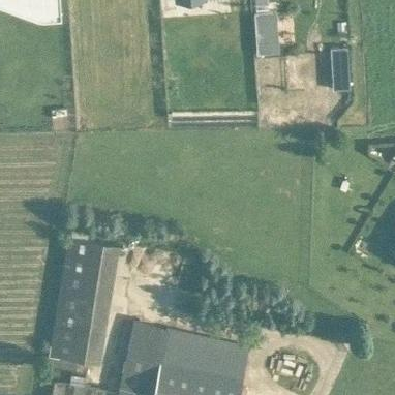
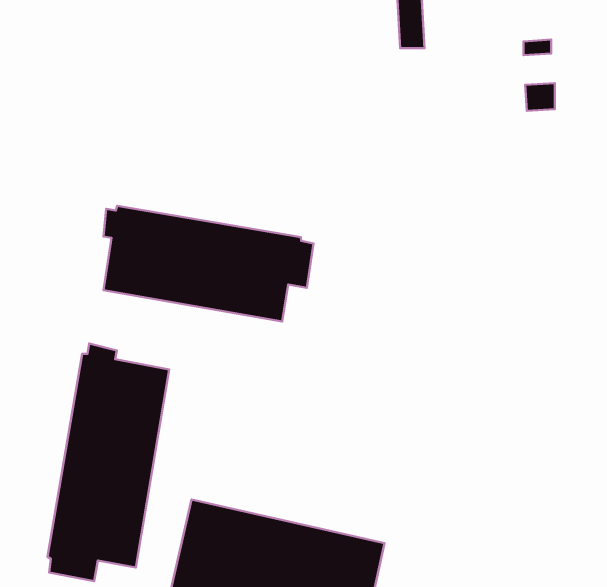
building: none -> [104,206,313,322]

